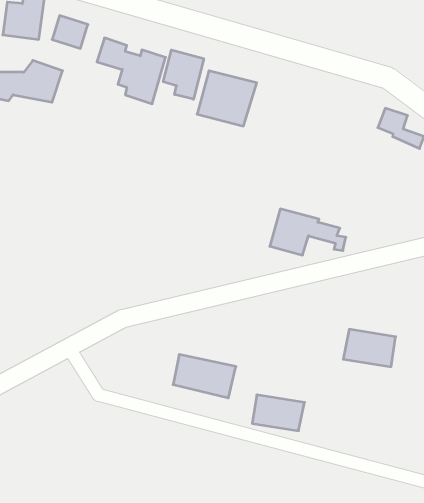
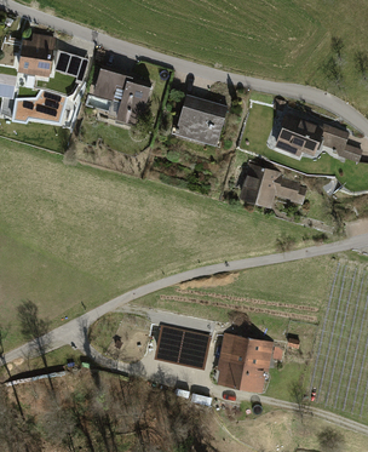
building: [163,50,204,99] -> none
building: none -> [275,115,322,154]
building: [270,209,346,255] -> [241,168,303,206]
building: [343,329,396,367] -> [224,337,266,367]

